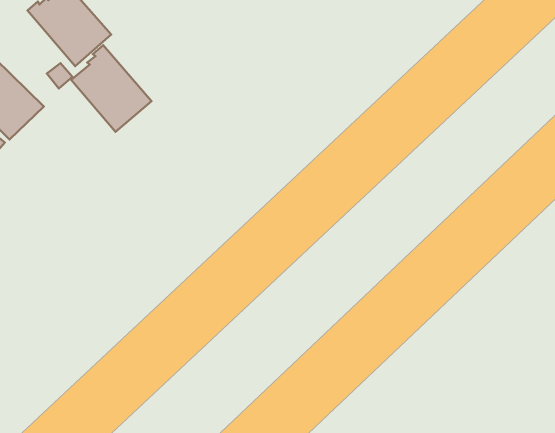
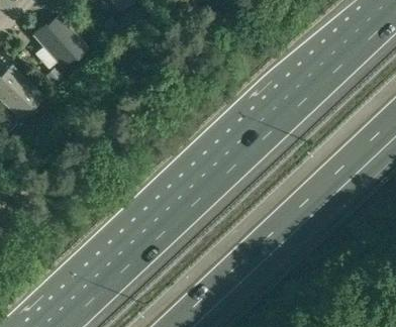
building: [71,45,152,132] -> none

